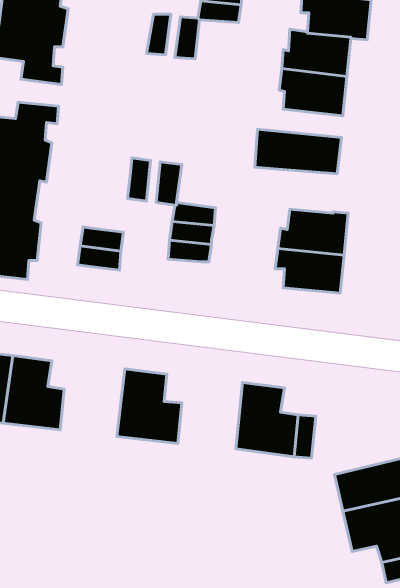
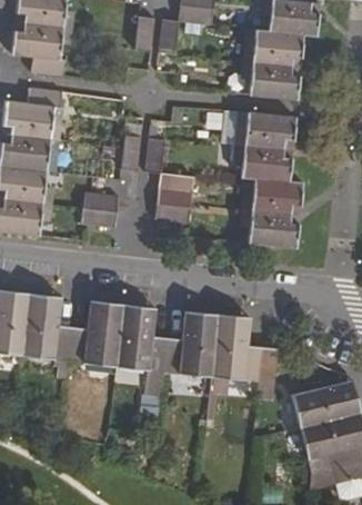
building: none -> [237,143,293,180]
building: none -> [66,305,119,364]
building: none -> [162,315,215,374]

